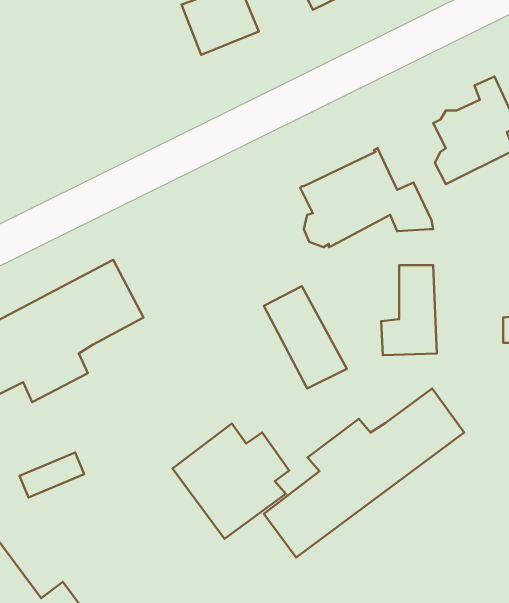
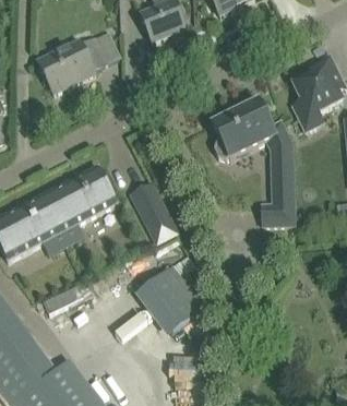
building: none -> [36,29,120,93]
building: [264,286,347,389] -> [128,180,178,242]
building: [264,389,464,558] -> none

